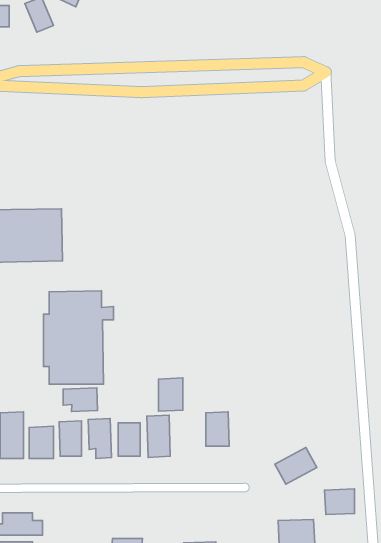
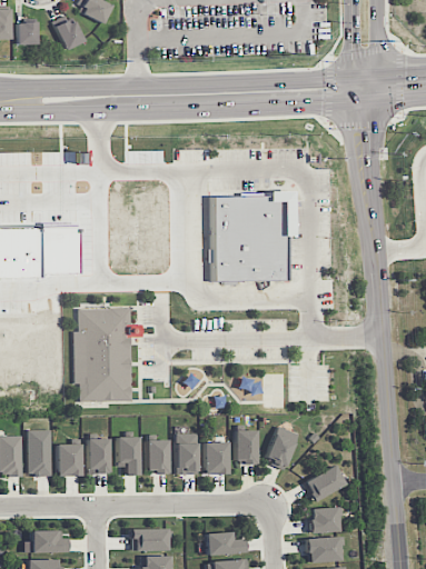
building: none -> [211,196,287,281]
building: [158,378,183,411] -> [205,441,229,475]
building: [63,388,97,411] -> none
building: none -> [265,426,298,468]
building: [325,489,355,515] -> [309,507,339,532]
building: none -> [131,528,168,550]
building: none -> [206,531,246,555]

